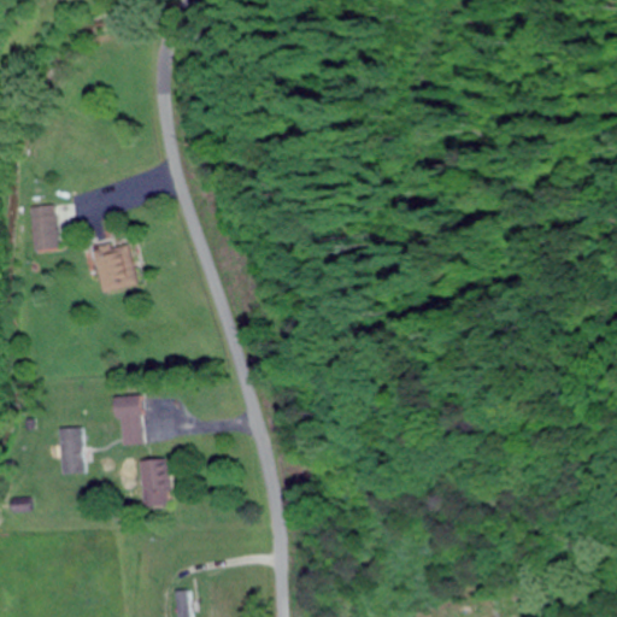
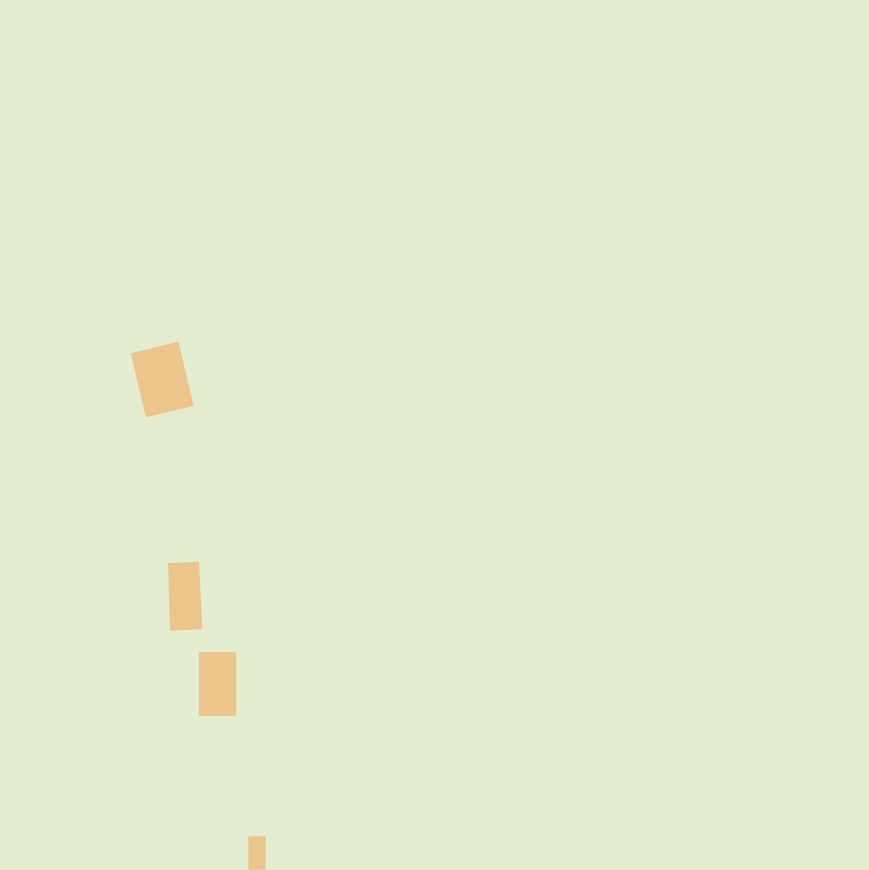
building: [35,207,55,241] -> none
building: [59,428,82,474] -> none

